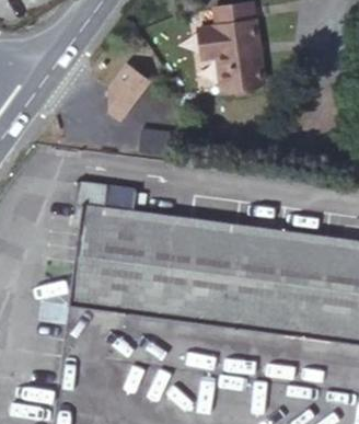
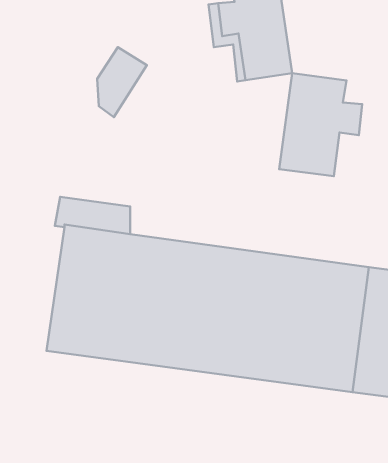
building: none -> [279,73,362,176]

